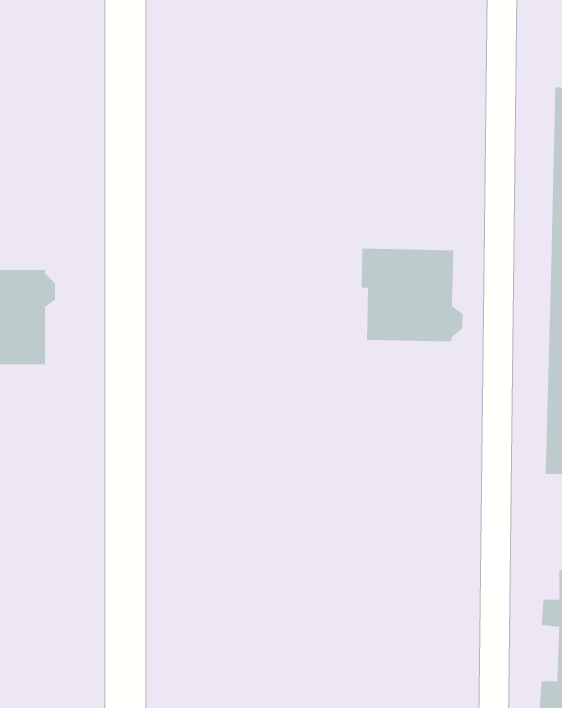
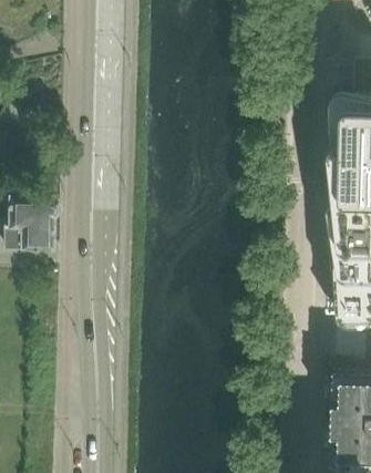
building: [361,248,463,342] -> none

